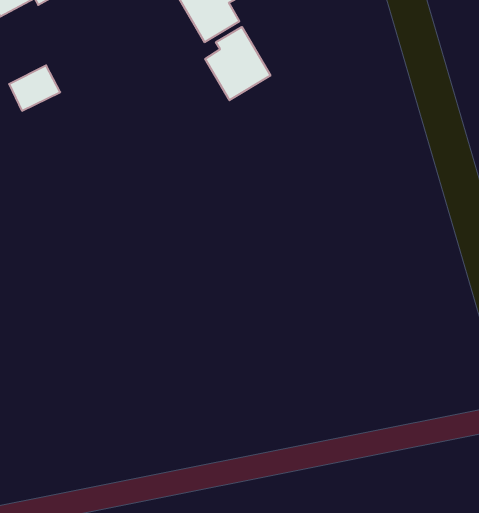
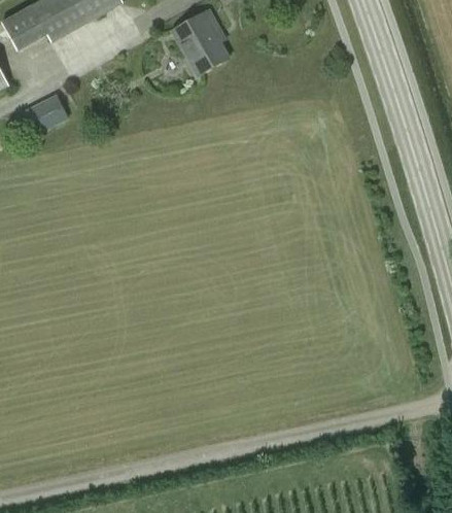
building: [205,27,270,100] -> none

